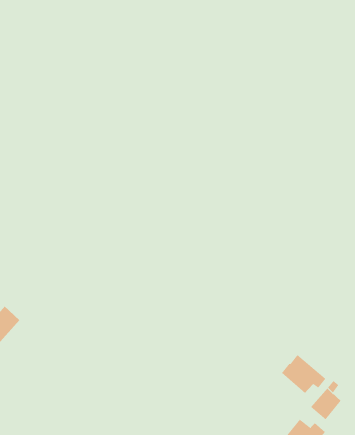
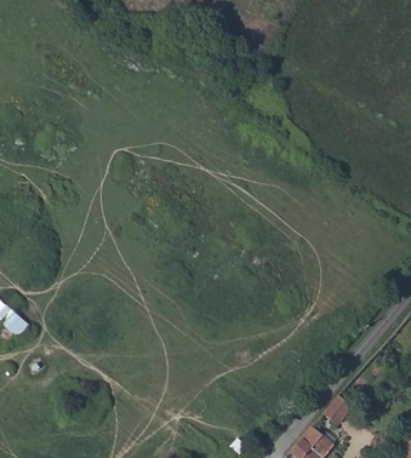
building: [281,354,326,394] -> none

